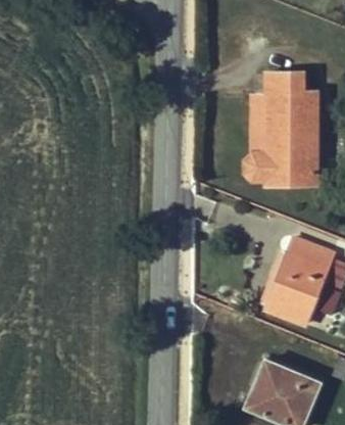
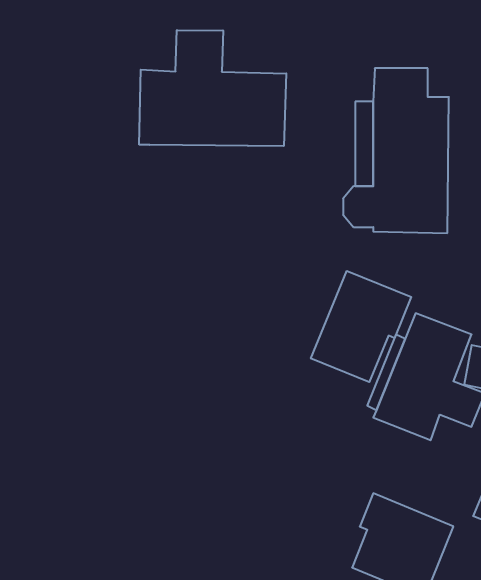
building: none -> [139,30,286,146]
building: none -> [311,271,411,382]

